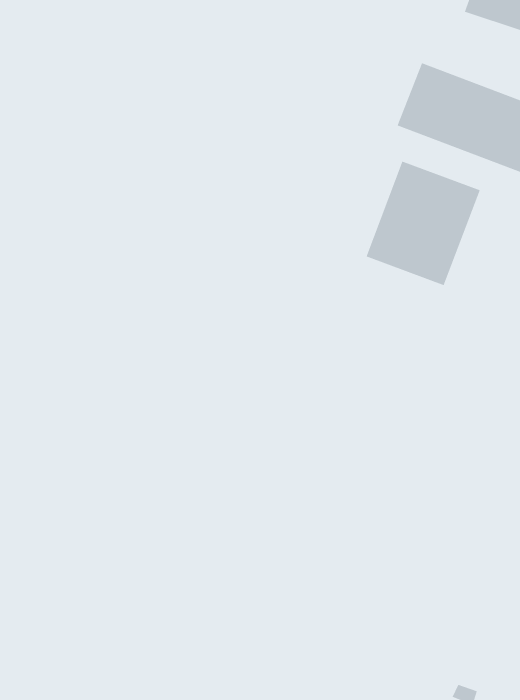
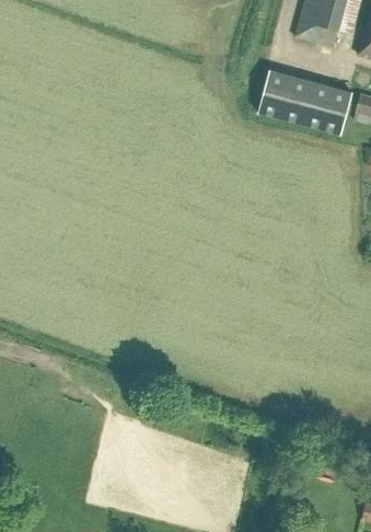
building: [365,160,481,286] -> none

